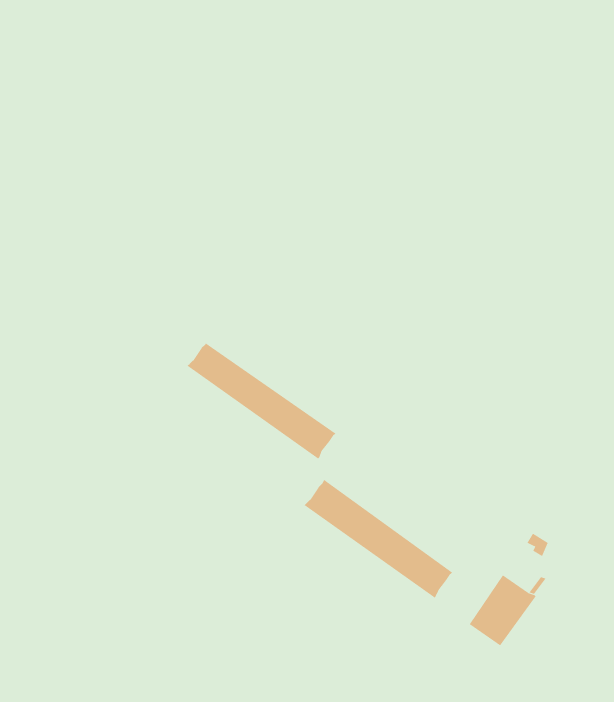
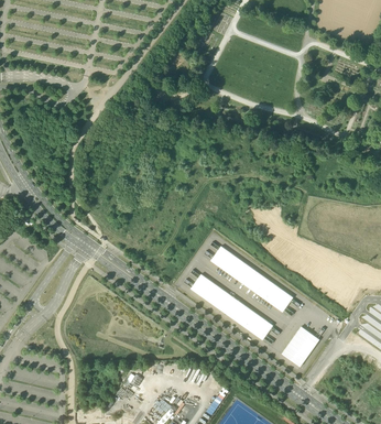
building: [187,342,336,459] -> [210,248,293,313]

